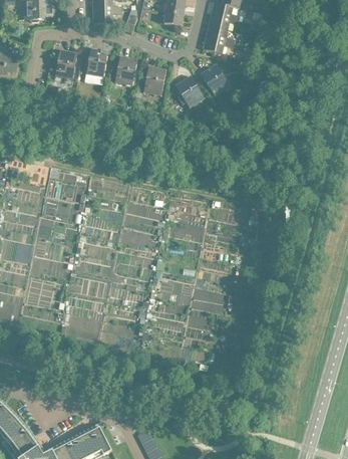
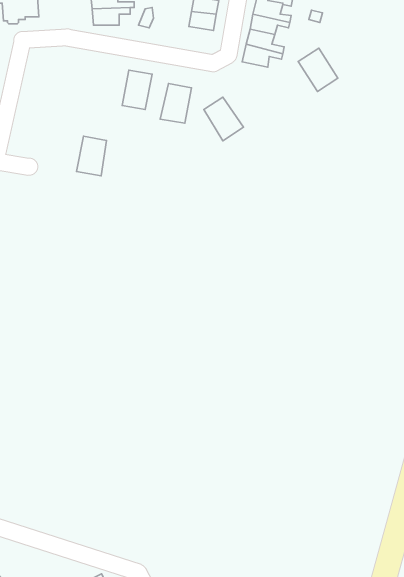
building: [85,47,107,76] -> [77,136,107,176]
building: [54,49,76,78] -> none
building: [200,63,229,95] -> [298,48,338,92]

